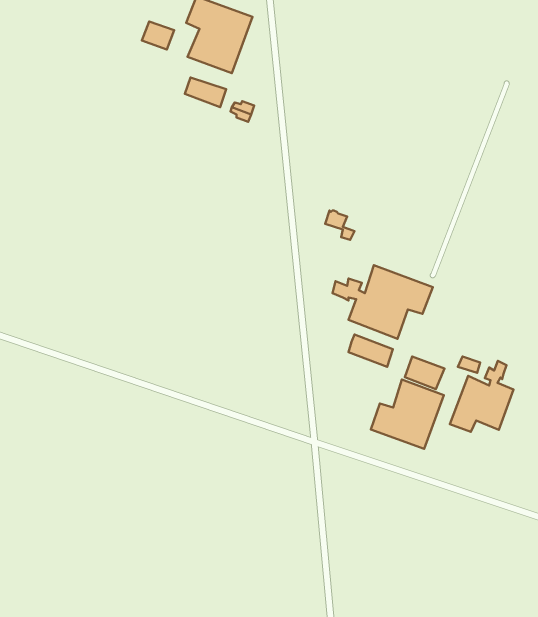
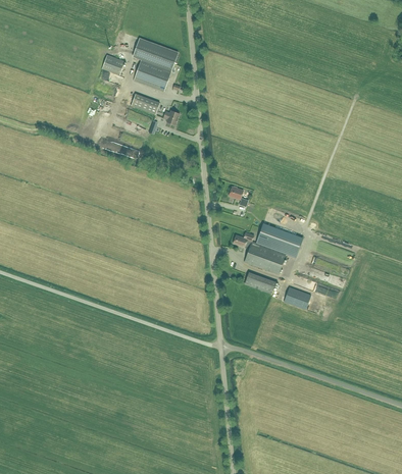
building: [450,361,513,432] -> none
building: [371,380,444,449] -> none

